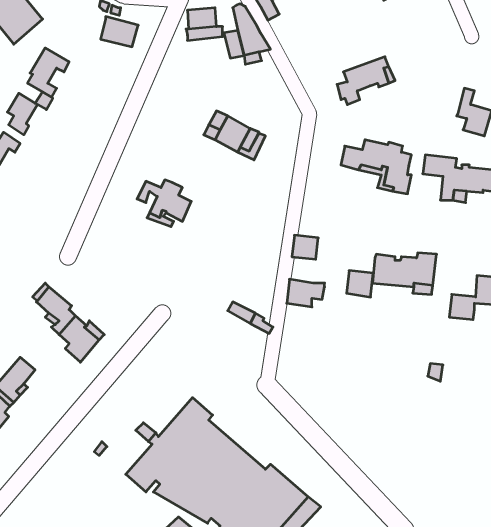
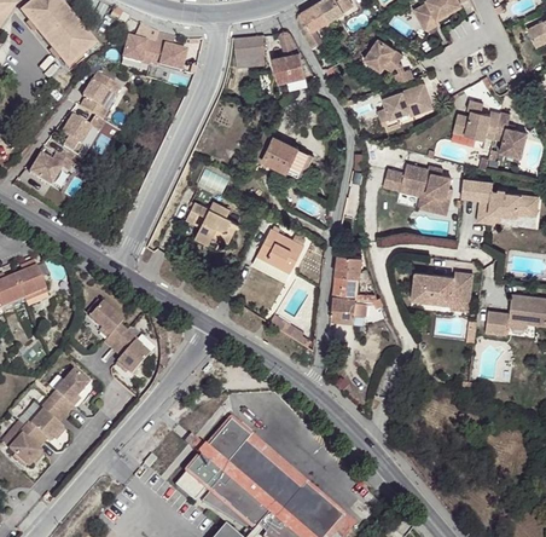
building: none -> [365,36,414,82]
building: none -> [122,39,156,67]
building: none -> [454,97,501,137]
building: none -> [251,231,304,284]
building: [347,271,373,297] -> [332,275,358,300]

